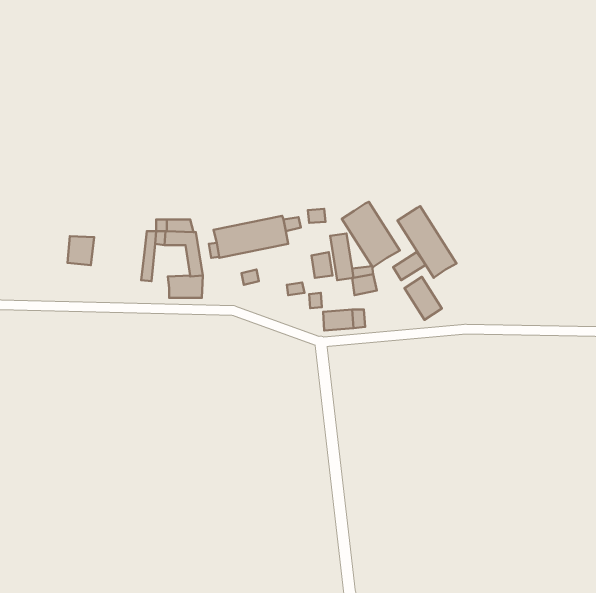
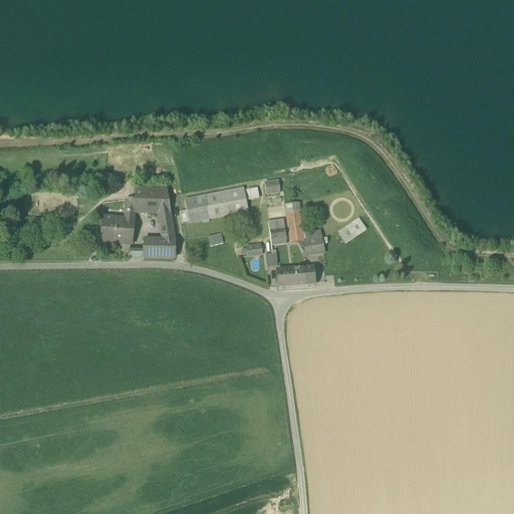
building: [342,202,400,267] -> none
building: [398,206,457,278] -> none
building: [67,236,94,265] -> [101,216,124,241]
building: [405,277,442,320] -> none

